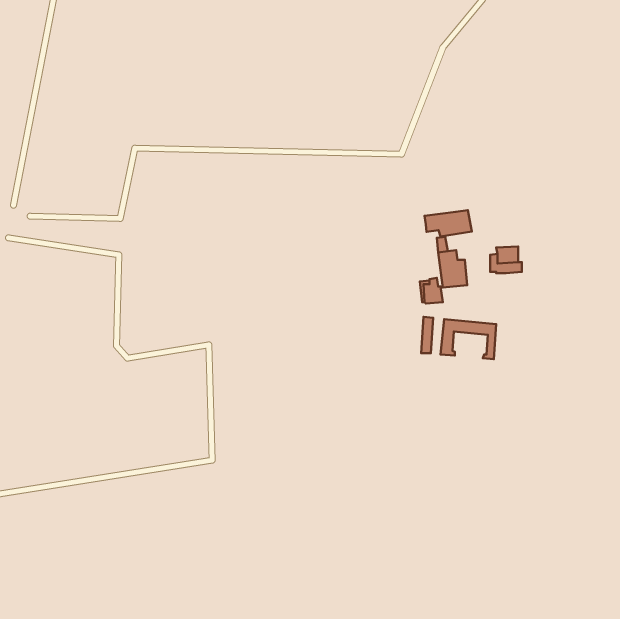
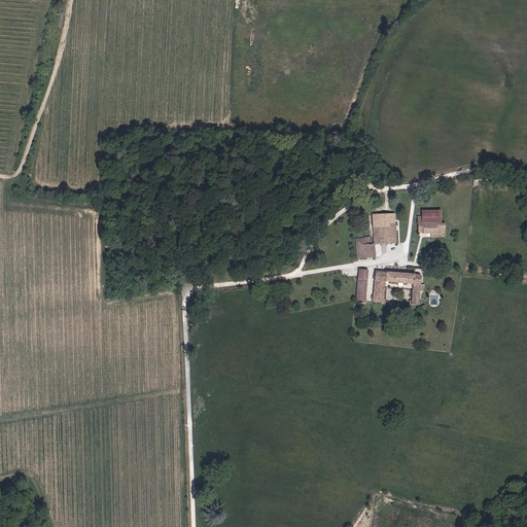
building: [424,210,472,236] -> none

